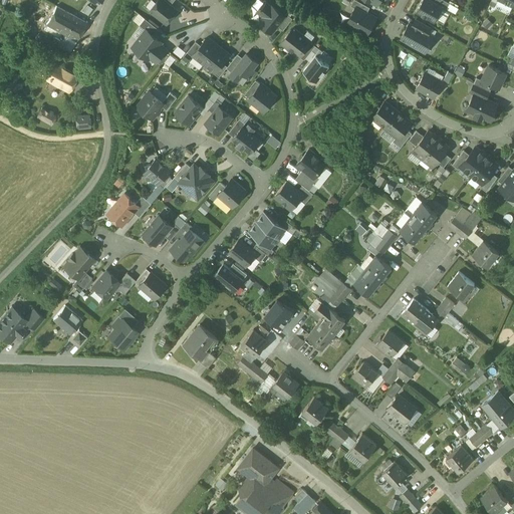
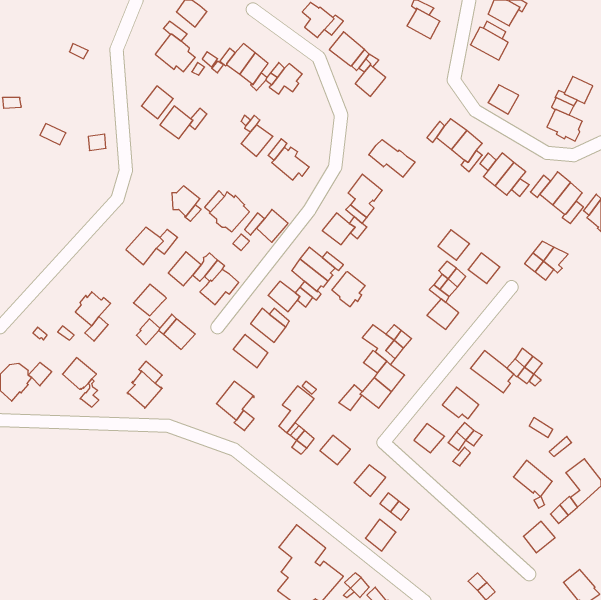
building: [46,7,84,40] -> none
building: [39,60,77,92] -> none
building: [249,85,276,112] -> none
building: [176,96,203,124] -> [141,86,173,119]
building: none -> [369,140,415,177]
building: [411,203,438,229] -> [438,230,470,260]
building: none -> [332,272,365,307]
building: [472,241,499,268] -> none
building: [353,270,380,296] -> none
building: [92,271,120,298] -> [133,284,166,316]
building: [448,272,475,299] -> none
building: none -> [233,334,268,368]
building: [265,301,293,329] -> none
building: [388,396,421,427] -> [513,460,552,497]
building: [350,435,376,462] -> [365,519,396,551]
building: [377,462,408,487] -> none

